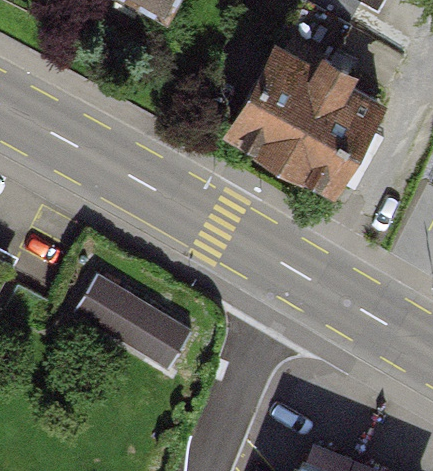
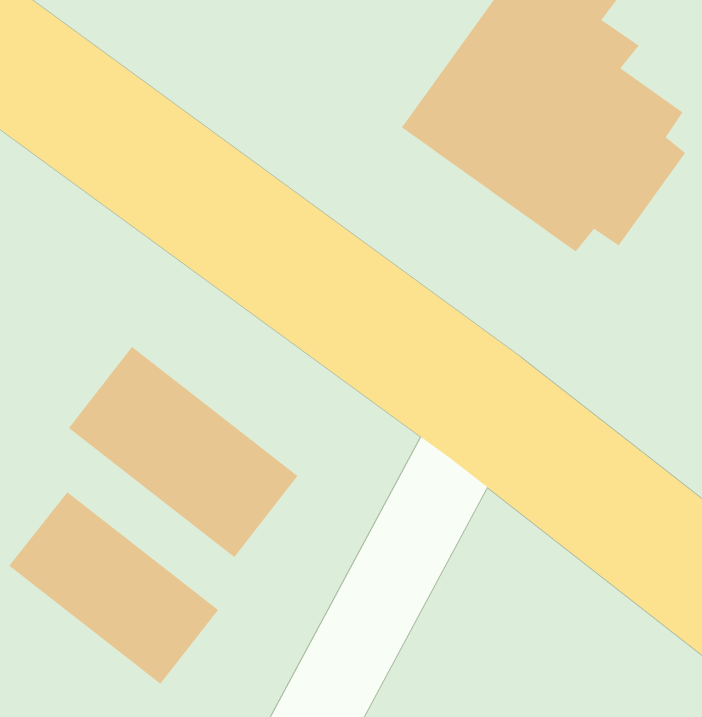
building: none -> [8,491,219,685]

